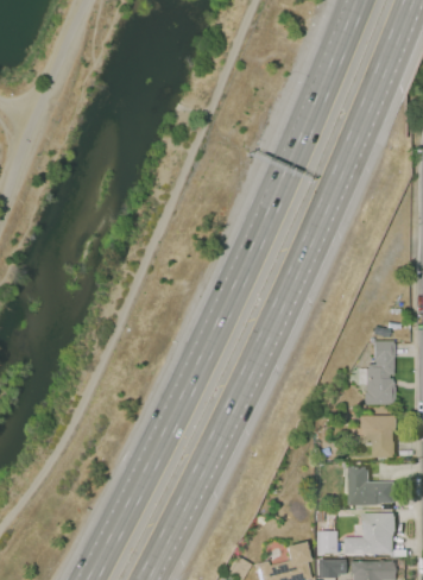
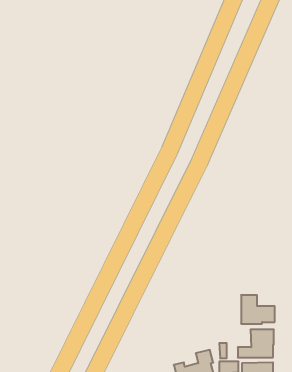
building: [365,341,397,406] -> none
building: [360,417,397,459] -> none

